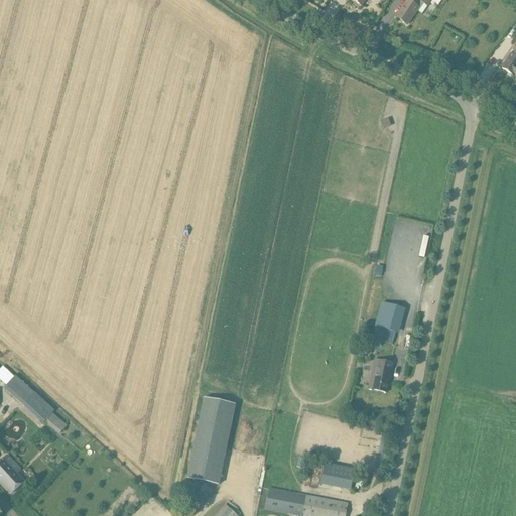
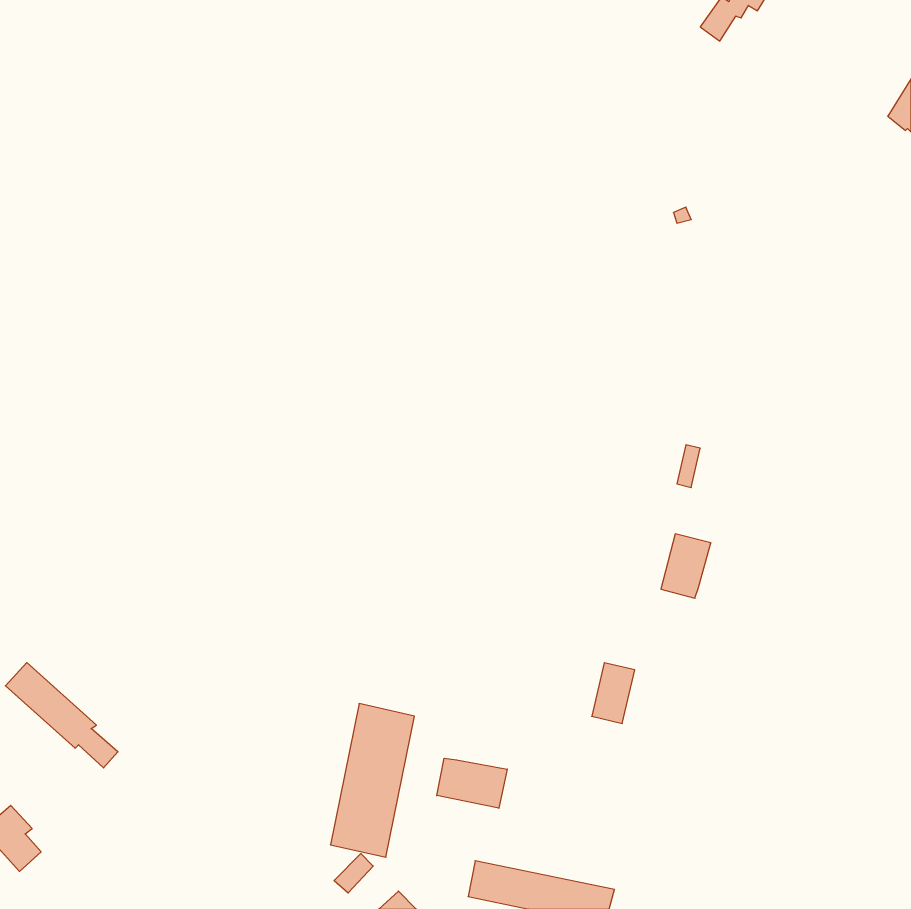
building: [367,358,391,392] -> [592,663,635,723]
building: none -> [437,758,507,808]
building: [319,462,354,490] -> none

